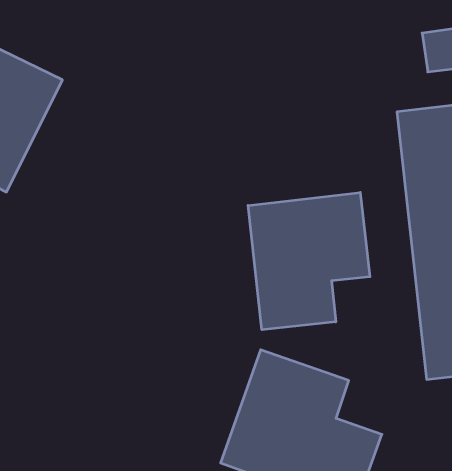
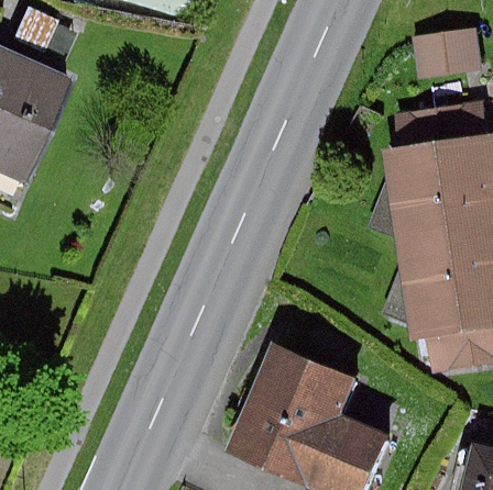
building: [248,192,370,330] -> none

